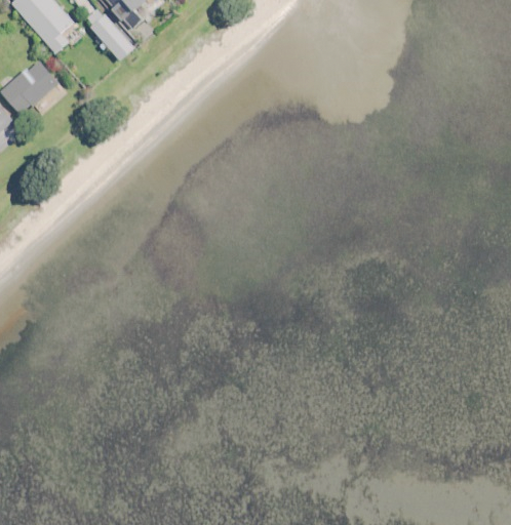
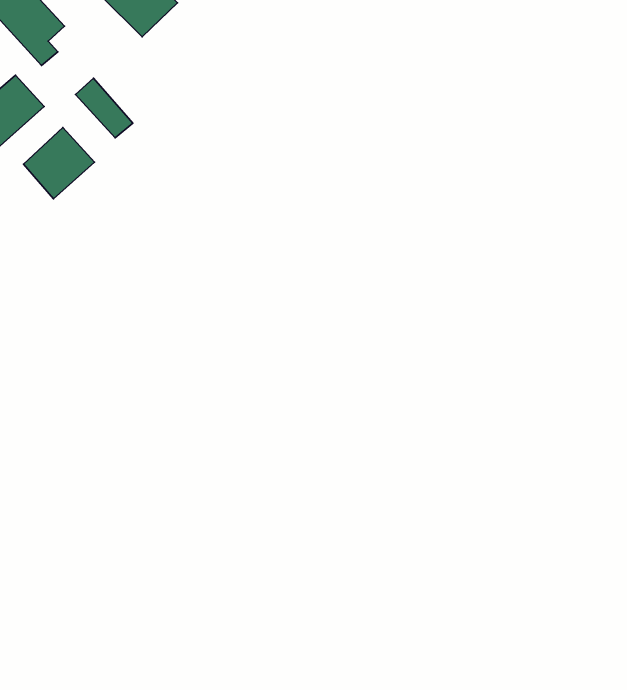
building: [90,13,133,58] -> [76,78,133,138]
building: none -> [23,128,94,199]

